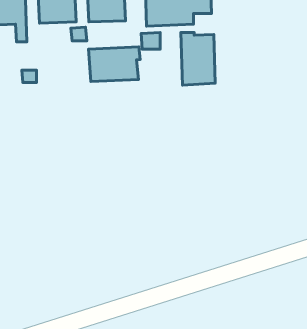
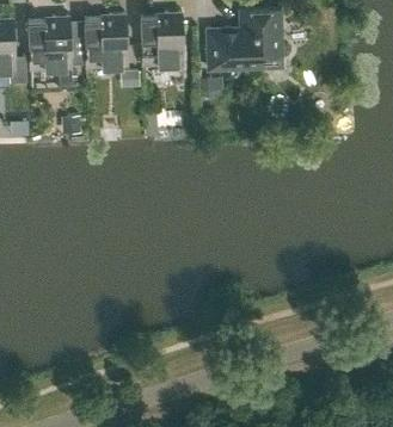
building: [181,33,215,85] -> none
building: [89,47,140,82] -> none

